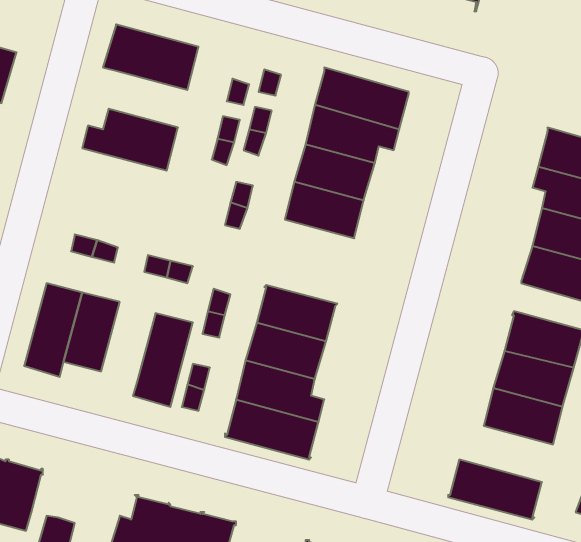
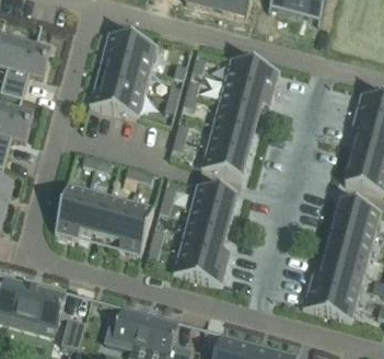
building: none -> [104,60,150,93]
building: none -> [200,147,247,180]
building: none -> [100,195,131,242]
building: none -> [309,267,363,300]

